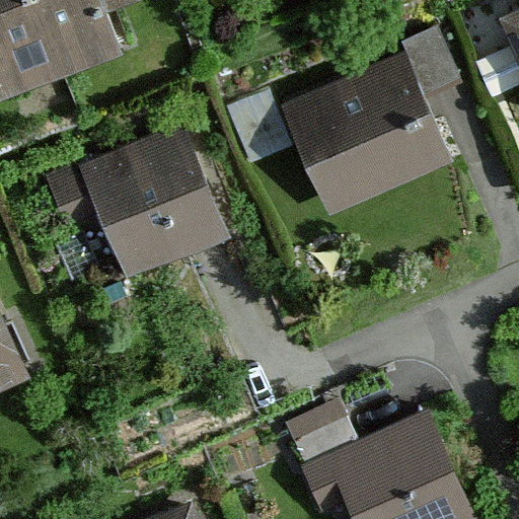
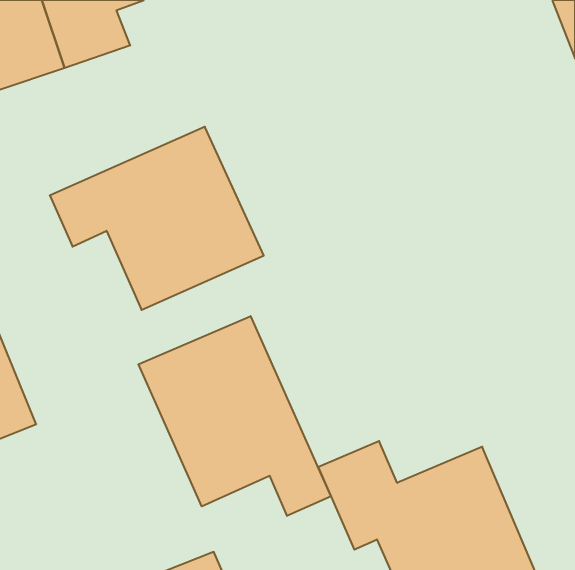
building: [279,50,452,218] -> none
building: none -> [138,316,331,516]

